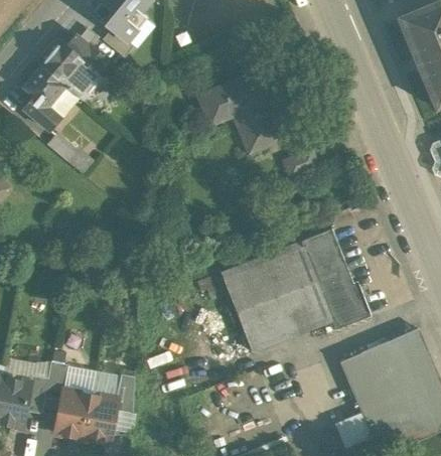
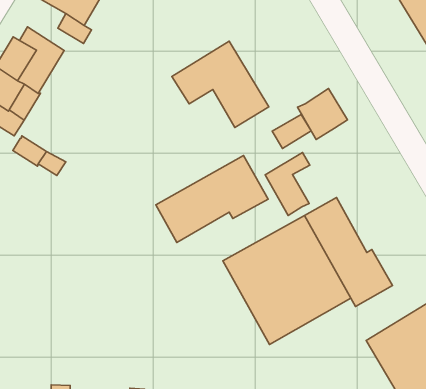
building: none -> [297,89,348,139]
building: none -> [156,155,268,242]
building: none -> [265,152,310,215]

